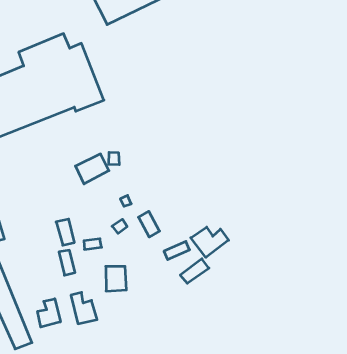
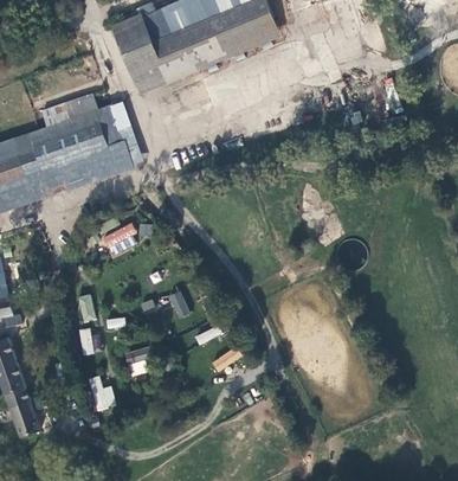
building: [191,227,229,257] -> none
building: [38,299,60,327] -> none

